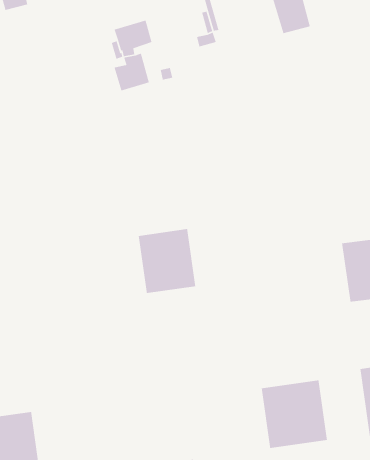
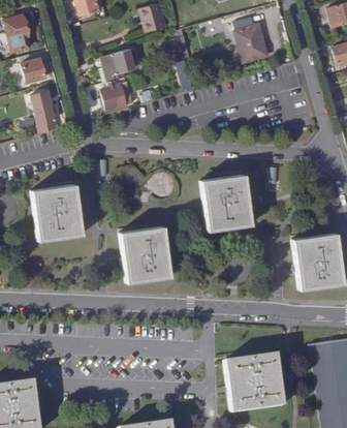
building: none -> [23,59,46,83]
building: none -> [30,90,58,133]
building: none -> [202,174,253,230]
building: none -> [32,183,84,240]

